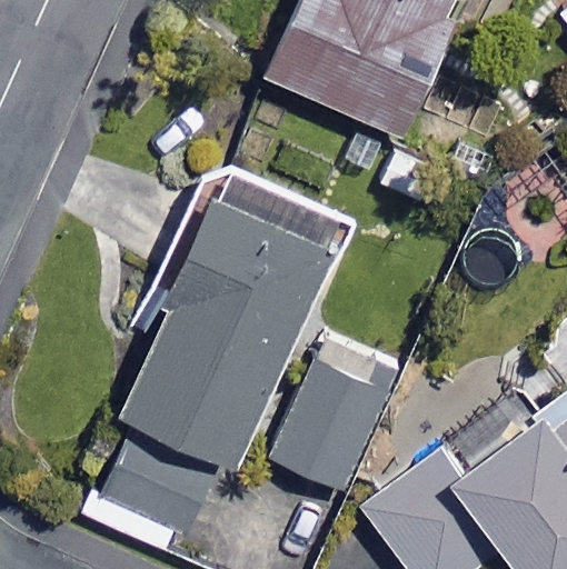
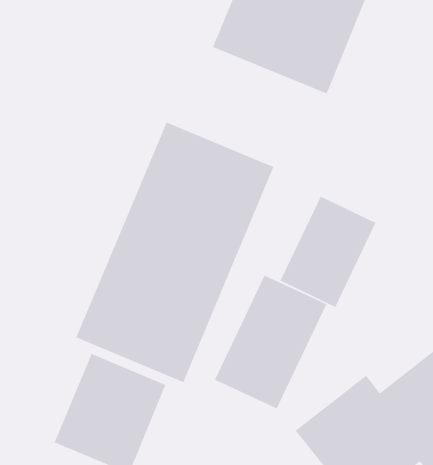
building: none -> [280,196,376,308]

